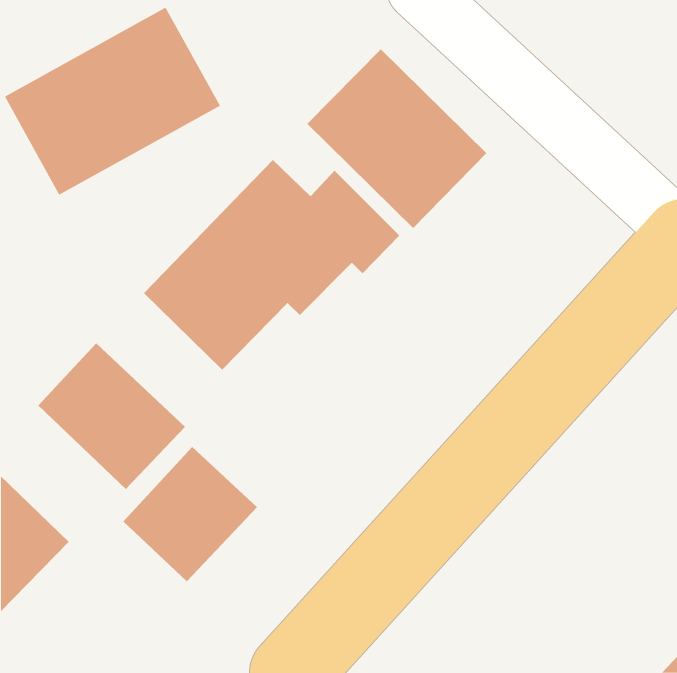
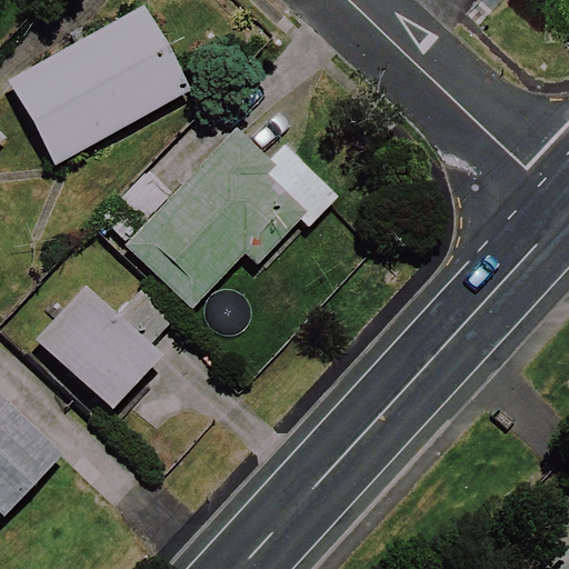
building: [307,49,487,229] -> none
building: [123,446,258,582] -> none

